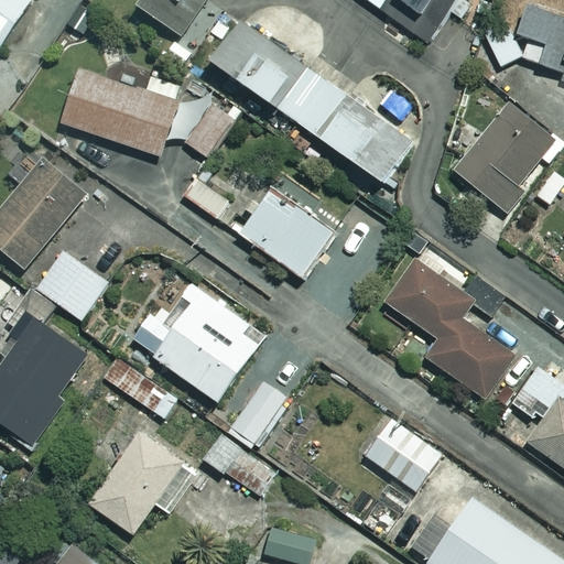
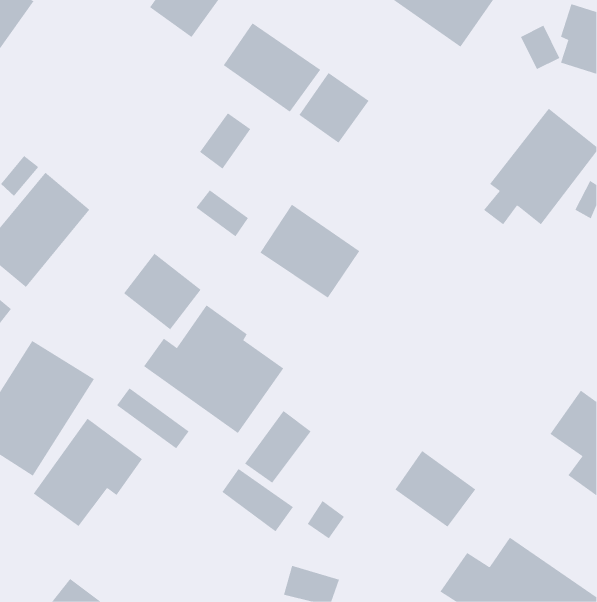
building: [63,69,185,155] -> none
building: [318,109,413,181] -> none
building: [36,248,109,319] -> [123,253,201,330]
building: [386,259,514,398] -> none
building: [89,433,192,534] -> [33,418,143,527]

